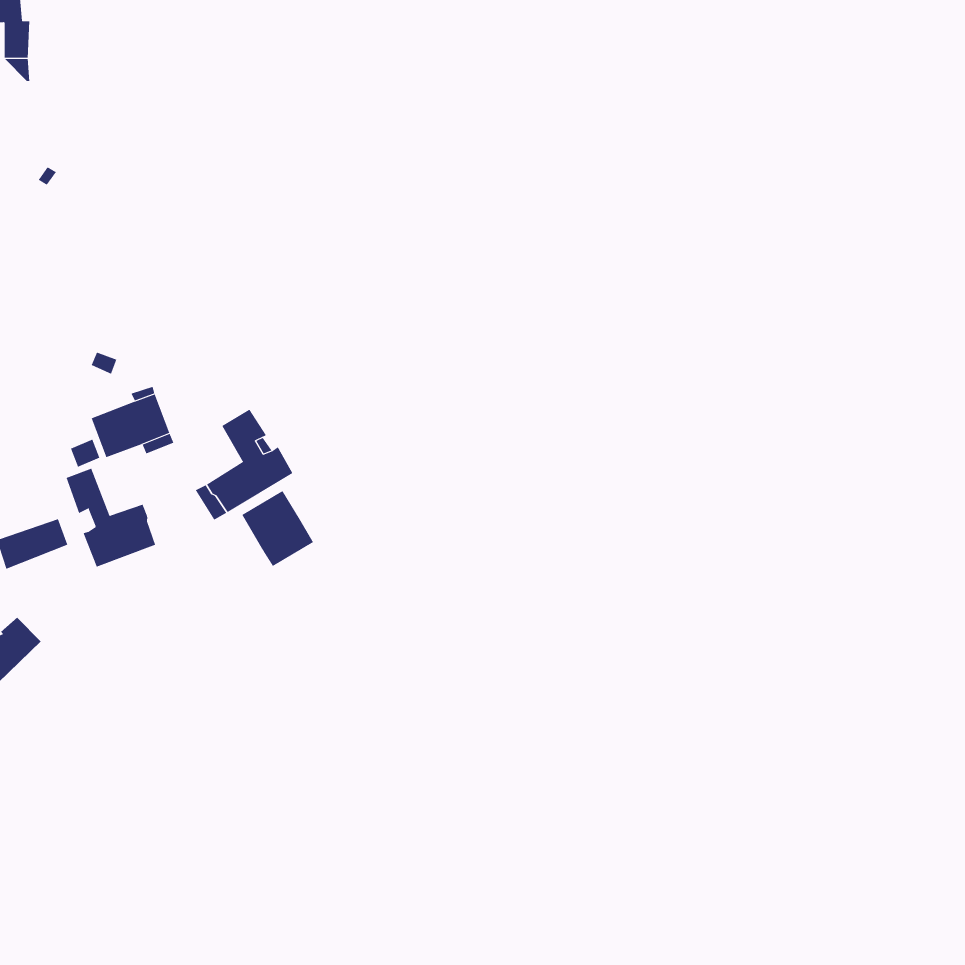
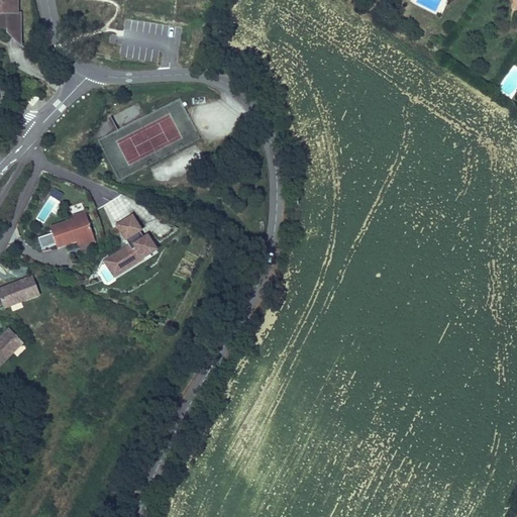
building: [66,468,156,568] -> none
building: [242,490,314,567] -> none

